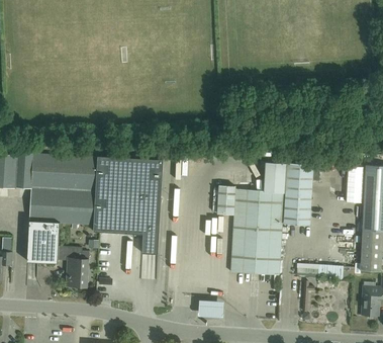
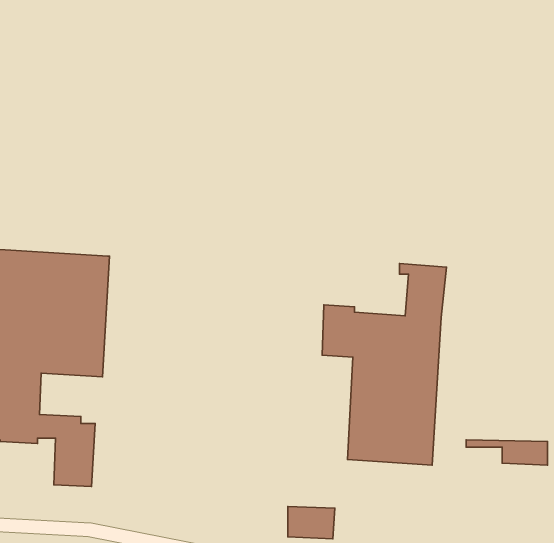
building: [92,157,163,256] -> none
building: [283,164,312,226] -> none

